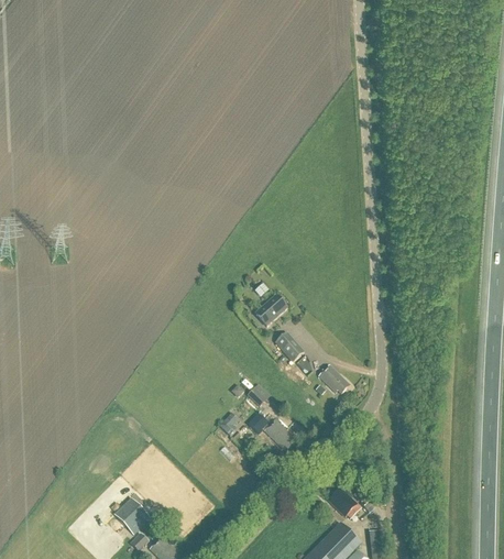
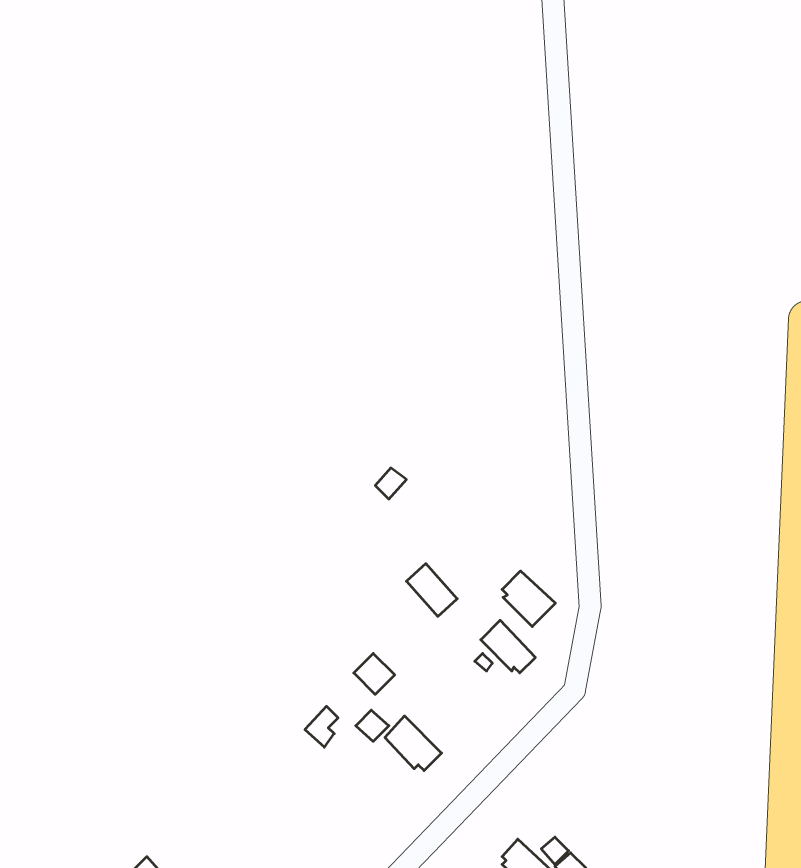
building: [255,296,287,327] -> none
building: none -> [502,571,555,627]

